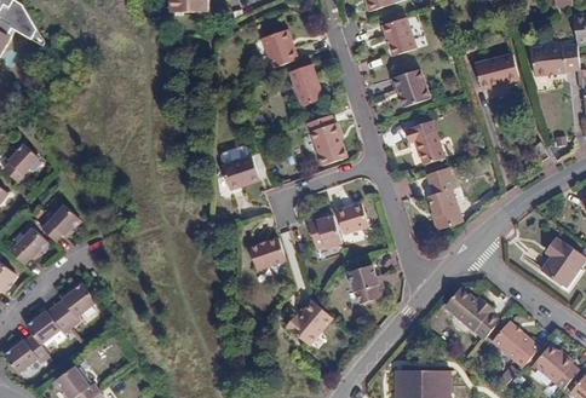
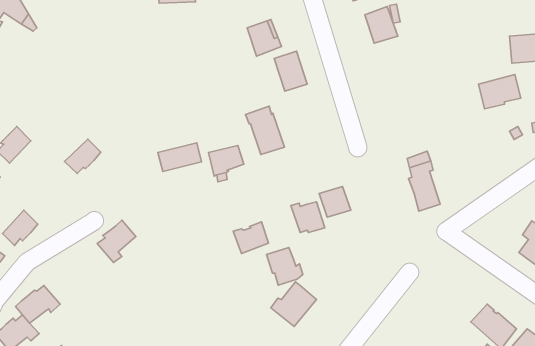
building: [475,53,518,88] -> [479,75,521,109]
building: [390,65,426,104] -> none
building: [306,114,346,163] -> [246,106,284,154]
building: [403,117,444,162] -> none
building: none -> [158,143,202,172]
building: [40,203,77,238] -> [64,139,101,173]
building: [349,265,386,304] -> [266,247,303,285]
building: [52,279,92,323] -> [97,220,136,262]
building: [446,289,499,340] -> none

